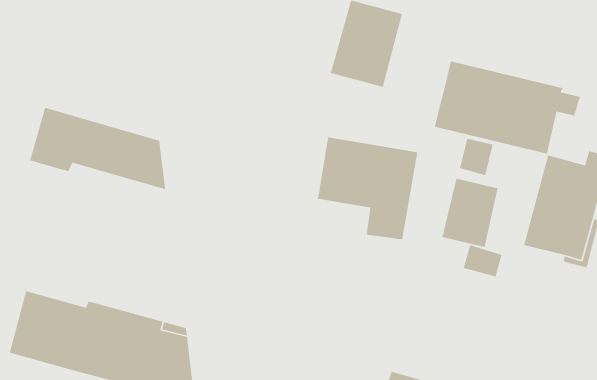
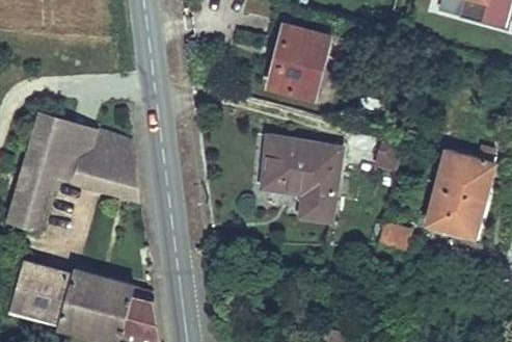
building: [434,61,581,154] -> none
building: none -> [6,156,138,231]
building: [441,178,499,248] -> none

